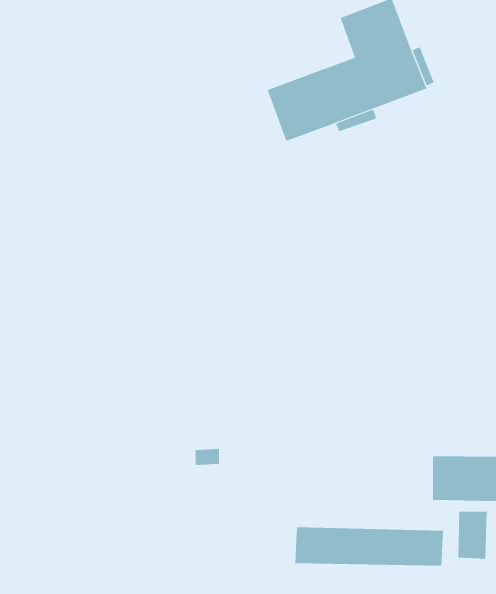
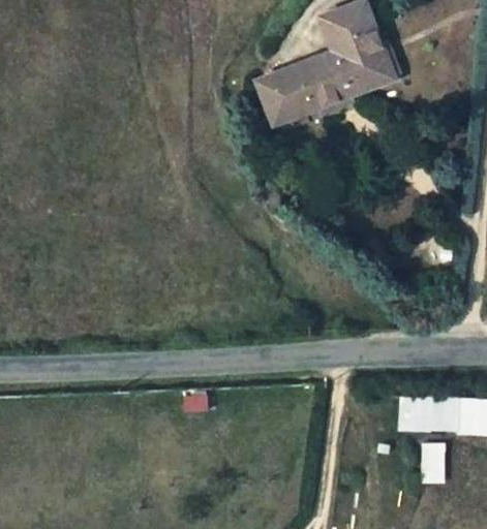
building: [295,527,443,567] -> none

